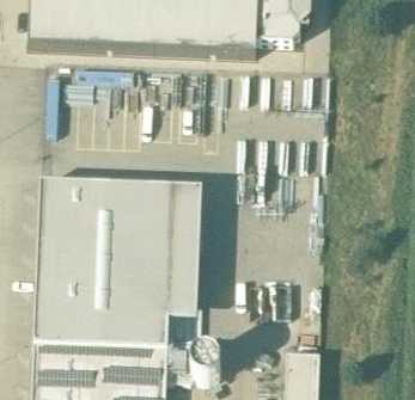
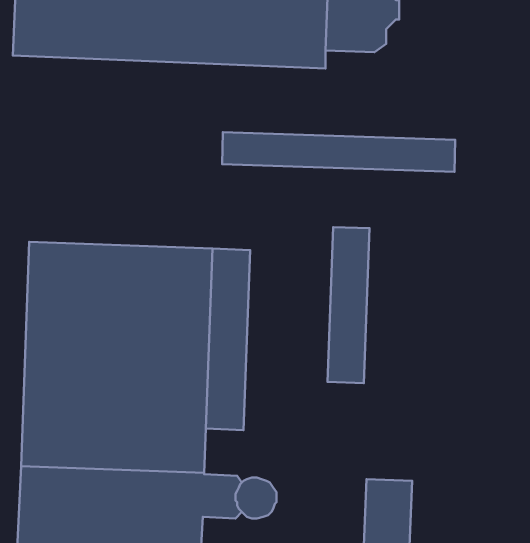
building: none -> [222,132,455,172]
building: none -> [327,227,370,383]

